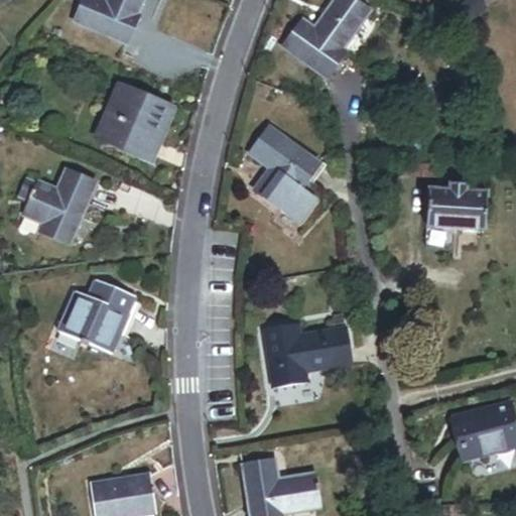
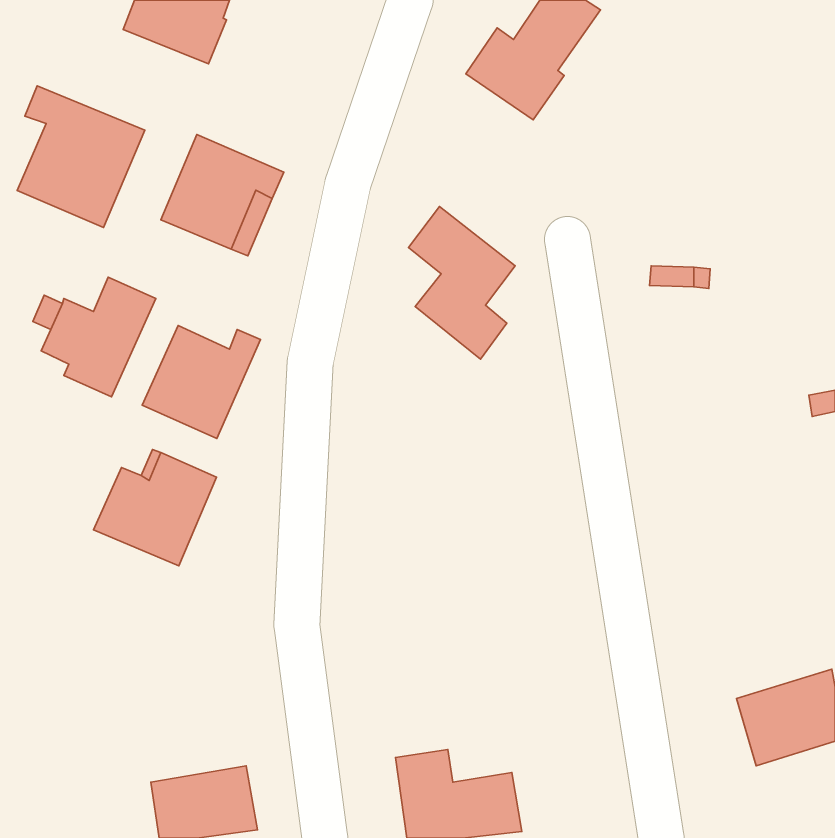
building: none -> [17,86,145,227]
building: [425,184,486,233] -> none
building: none -> [142,326,260,439]
building: [261,325,349,386] -> none

